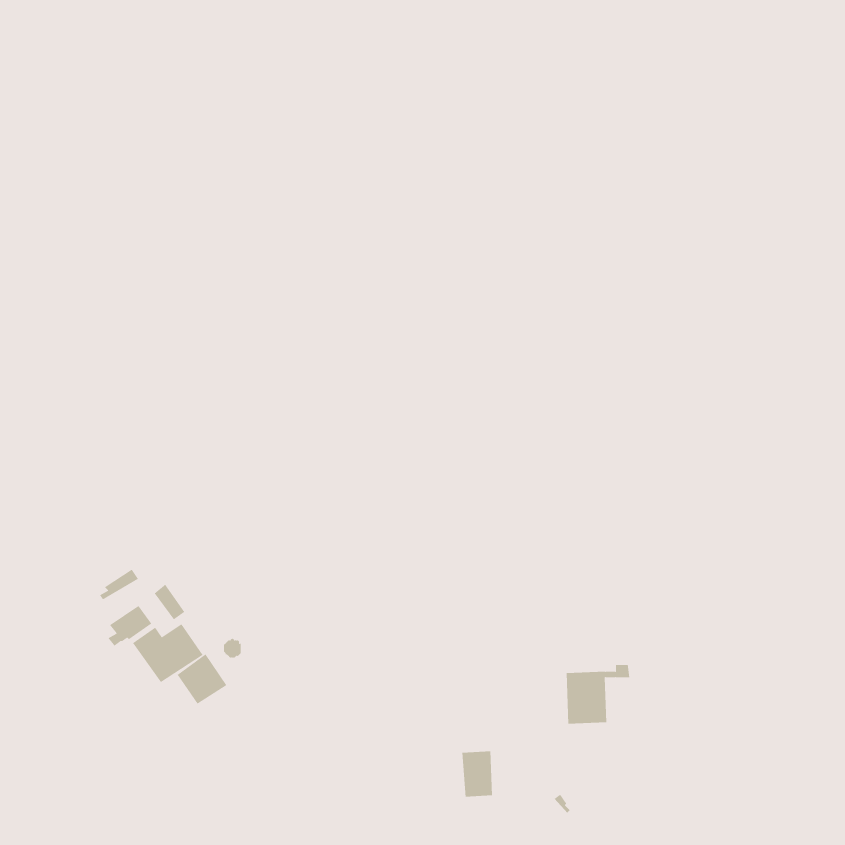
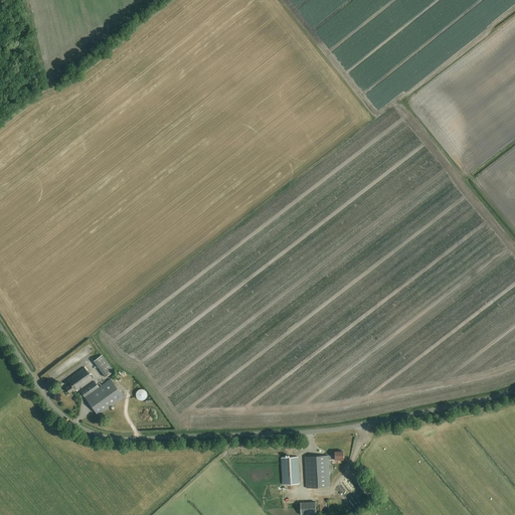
building: [177,654,227,705] -> none
building: [566,665,630,724] -> [305,452,344,488]

